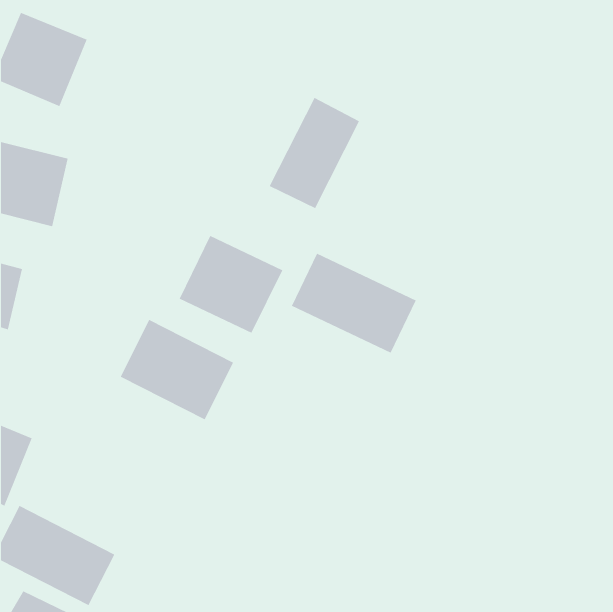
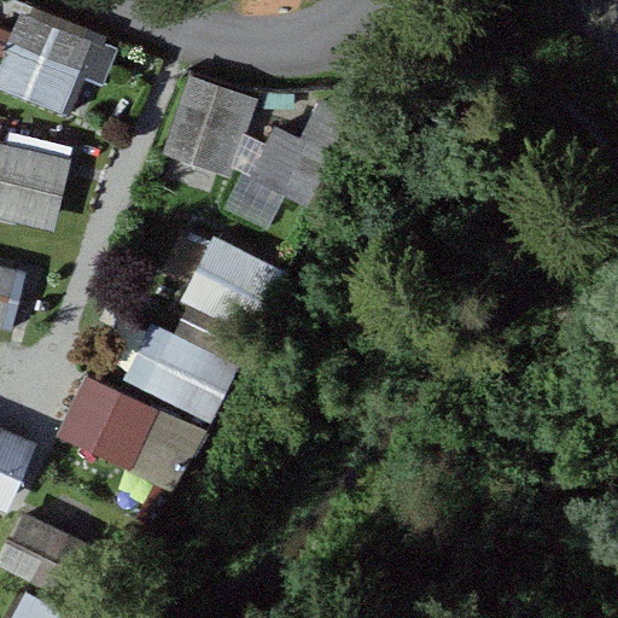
building: none -> [159,76,253,177]
building: [291,253,417,354] -> none
building: none -> [54,375,206,494]

